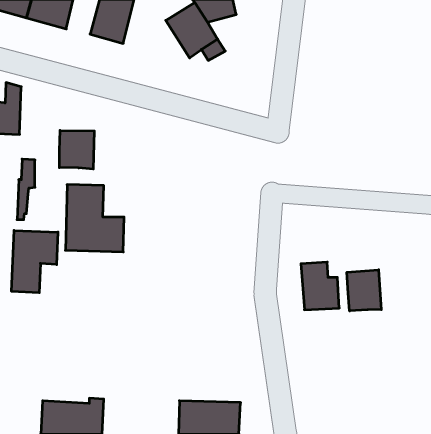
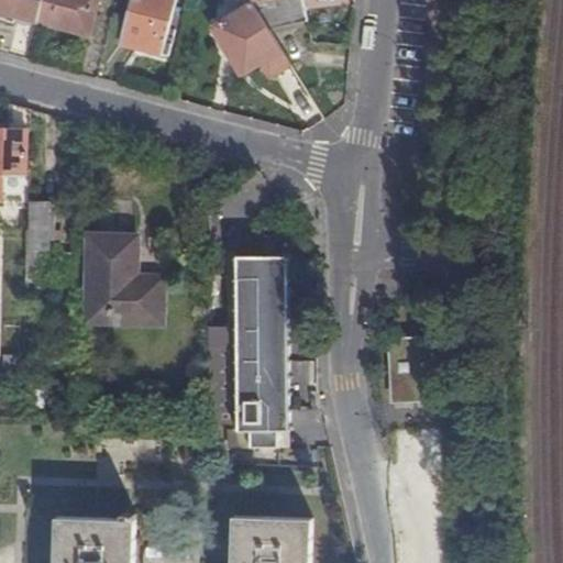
building: [59,130,94,169] -> none
building: none -> [234,257,288,450]
building: [12,230,58,293] -> none
building: [347,270,381,311] -> none

